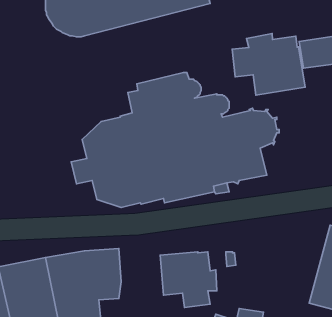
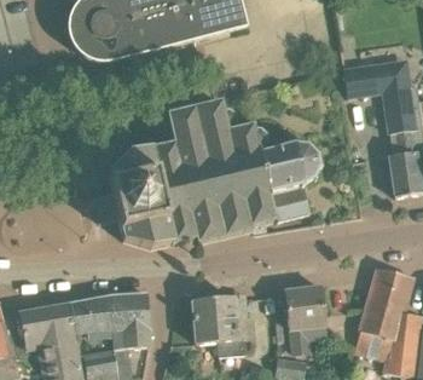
building: [232,33,305,95] -> none
building: none -> [284,286,326,353]

